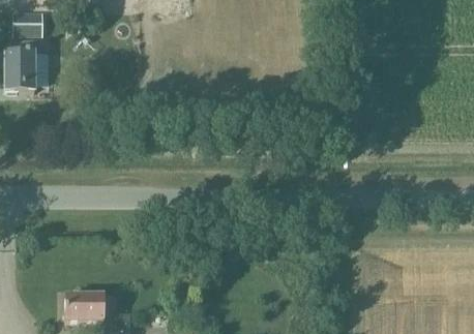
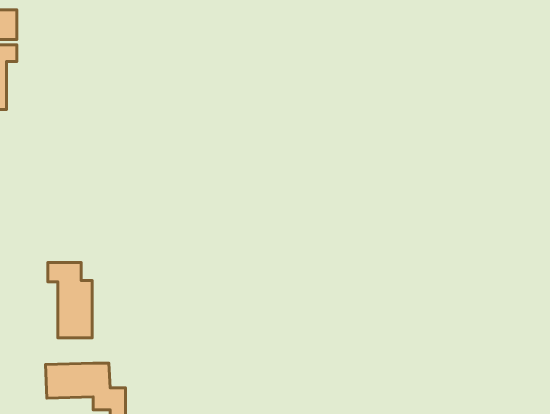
building: none -> [48,262,92,338]

